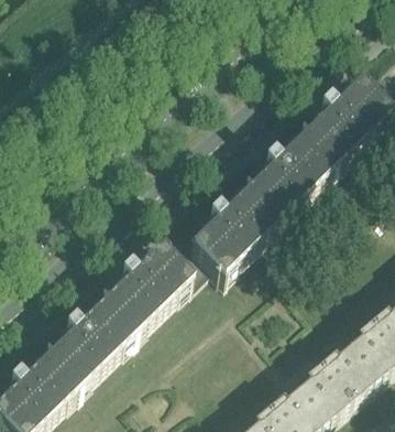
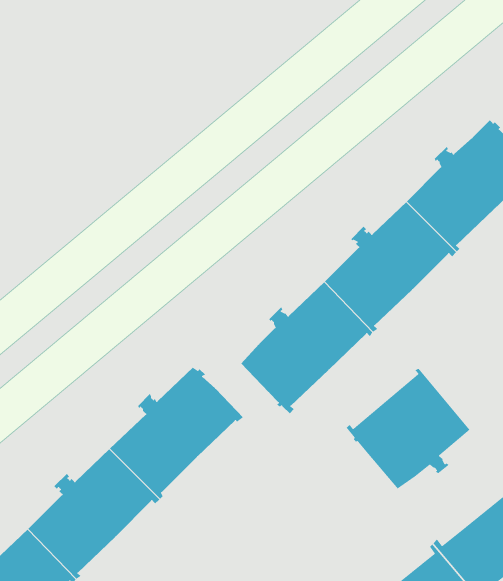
building: [169,248,205,284] -> none
building: none -> [346,368,471,489]

